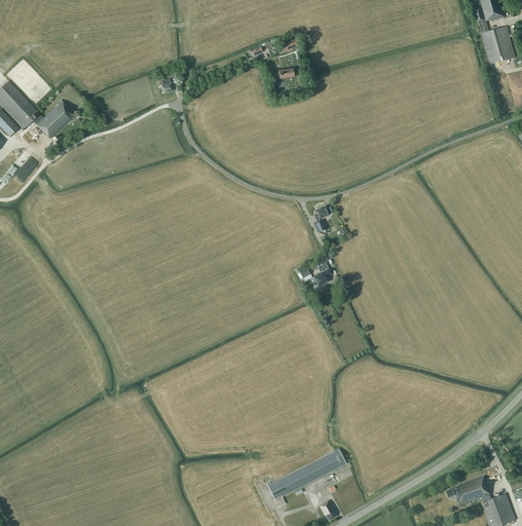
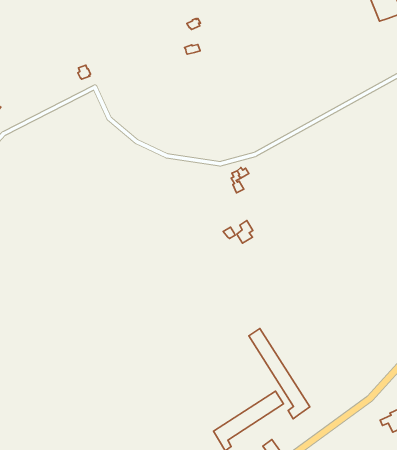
building: none -> [249,329,310,419]

